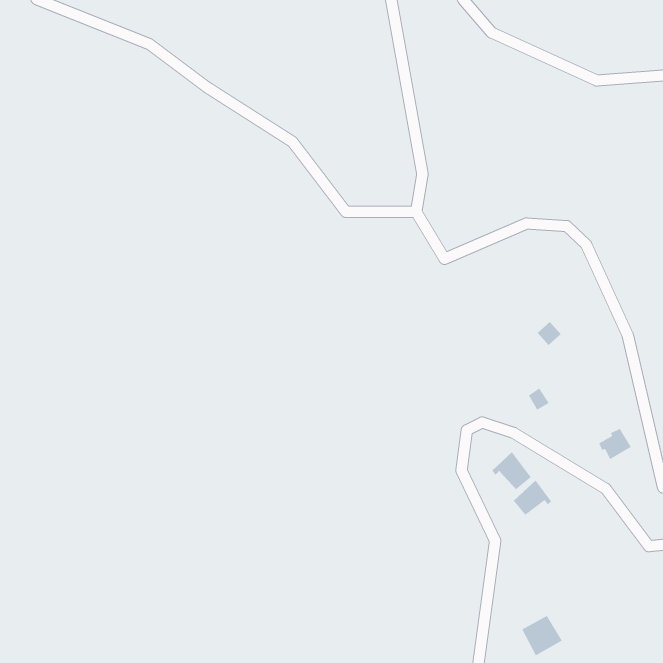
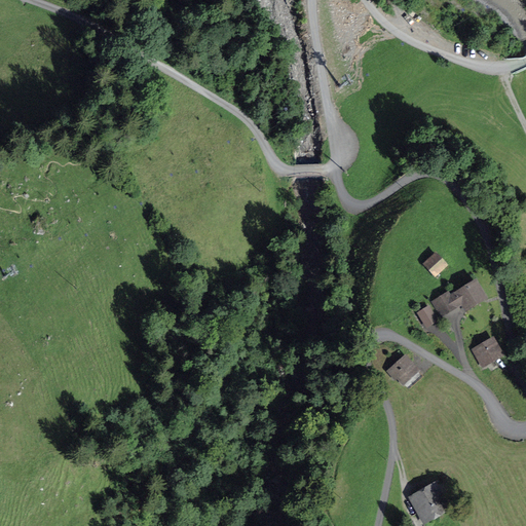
building: none -> [433,281,482,314]
building: [513,479,552,516] -> none

